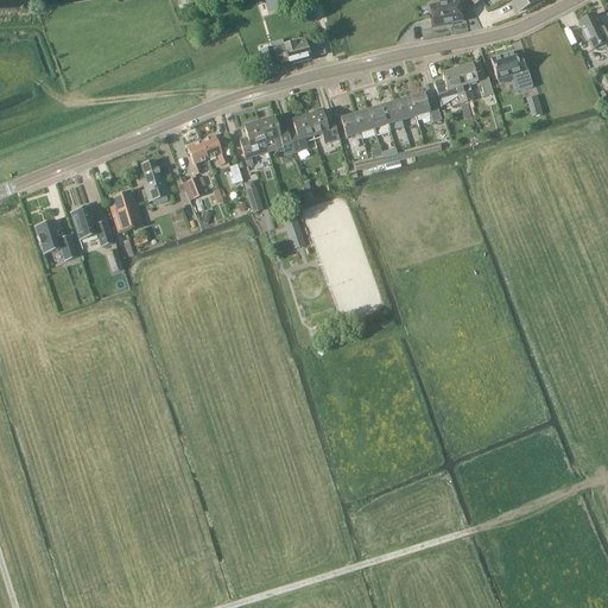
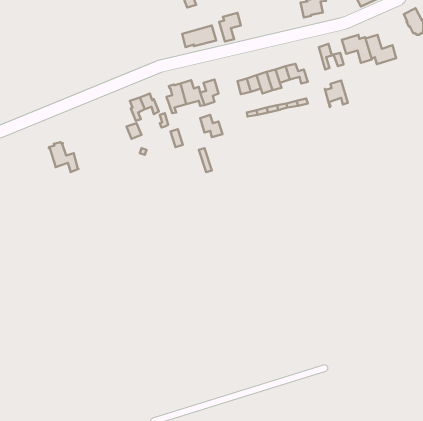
building: none -> [219,13,241,42]
building: none -> [366,35,396,64]
building: [433,68,467,106] -> [325,81,348,107]
building: [308,109,340,141] -> [200,115,223,137]
building: [140,159,170,200] -> none
building: [107,189,142,230] -> none
building: [34,220,77,260] -> none

